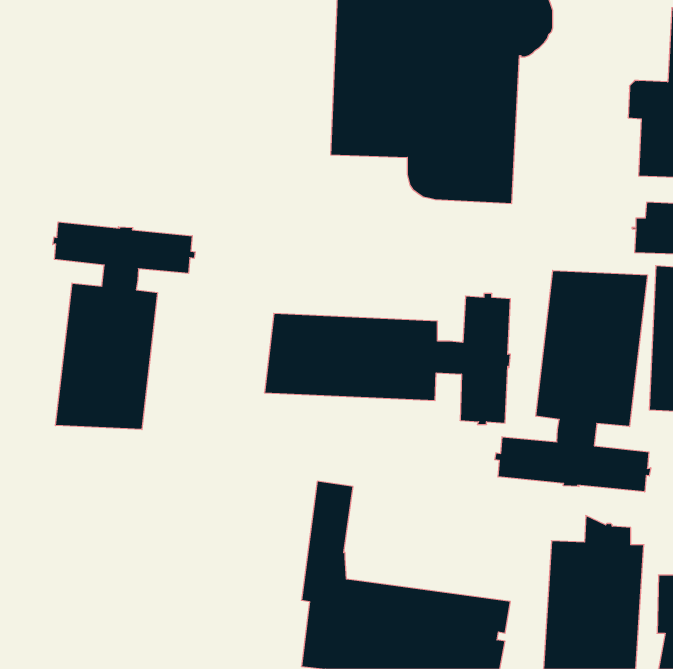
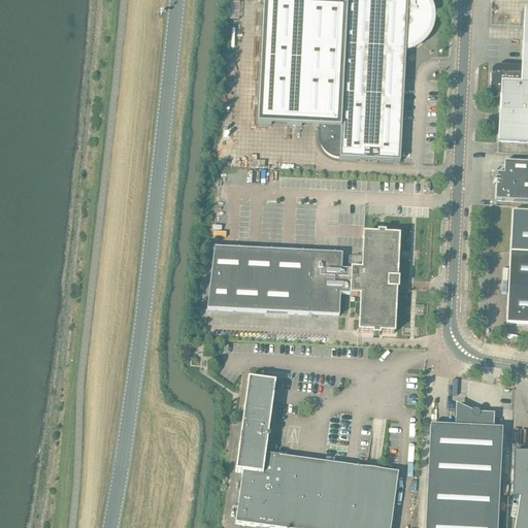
building: [53,222,195,430] -> none
building: [495,270,651,492] -> none

